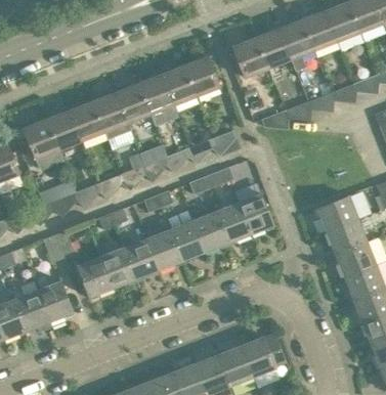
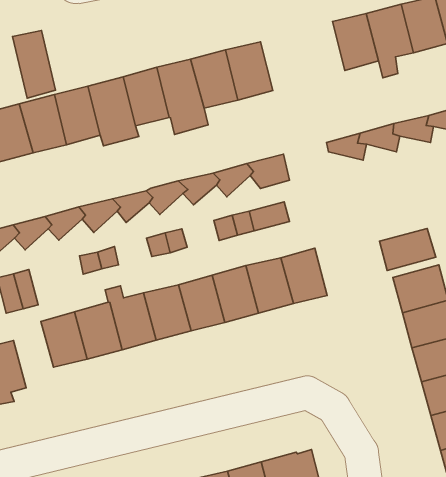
building: [232,36,268,78] -> none
building: none -> [12,30,56,98]
building: none -> [380,228,436,271]

